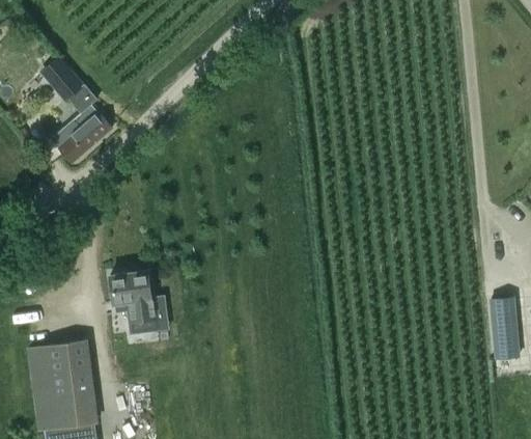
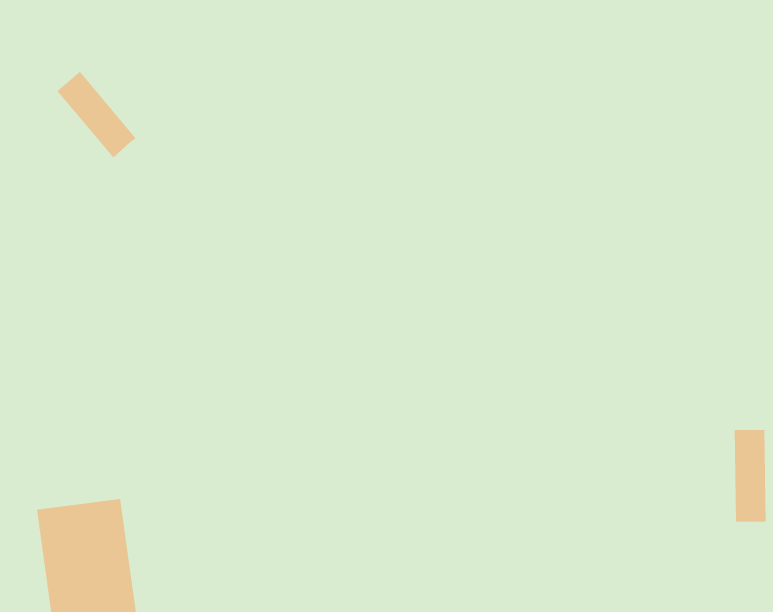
building: [59,107,113,164] -> none
building: [112,274,156,324] -> none

